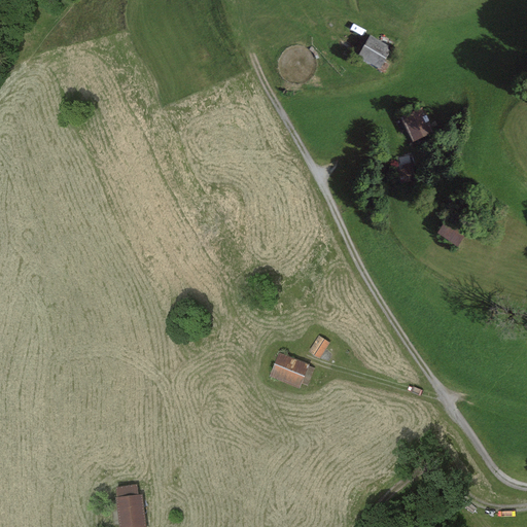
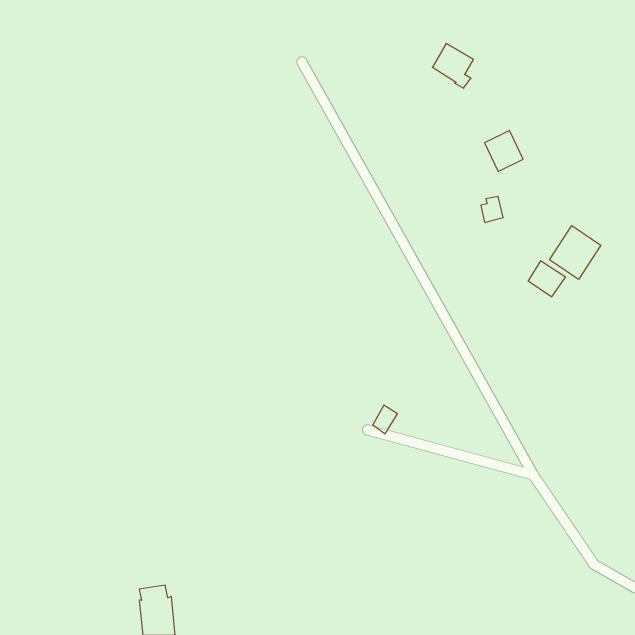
building: none -> [550,226,601,279]
building: [270,352,315,389] -> none

